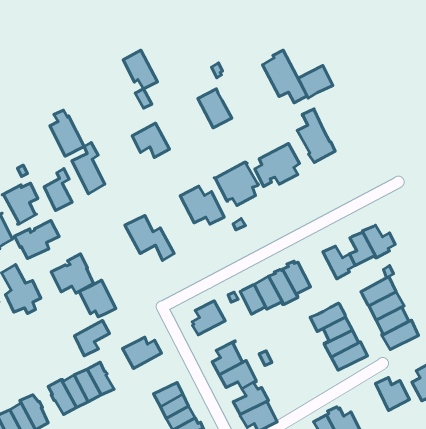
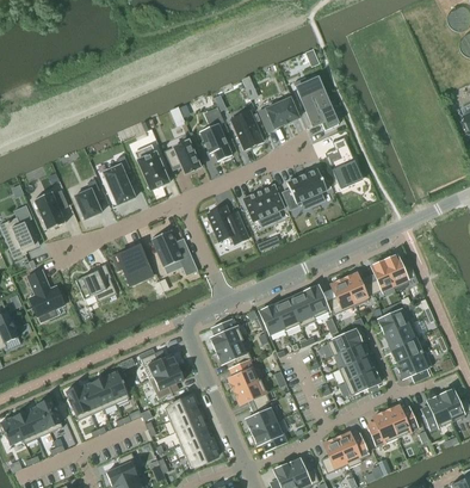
building: [123,50,158,89] -> [199,122,231,160]
building: [298,65,333,98] -> [265,97,298,128]
building: [50,110,84,156] -> [136,144,168,190]
building: [14,220,59,259] -> none
building: none -> [327,277,354,313]
building: [79,280,116,317] -> [117,245,151,280]
building: [74,320,110,356] -> [149,365,184,399]
building: none -> [215,338,251,366]
building: none -> [367,409,396,446]

